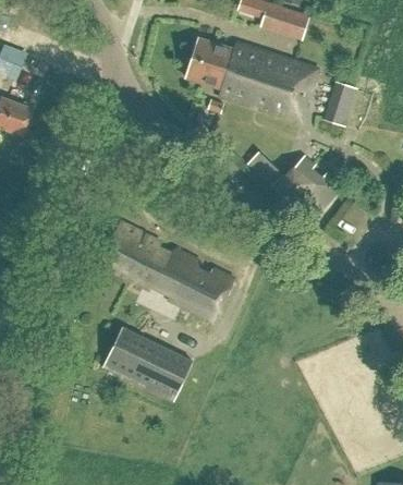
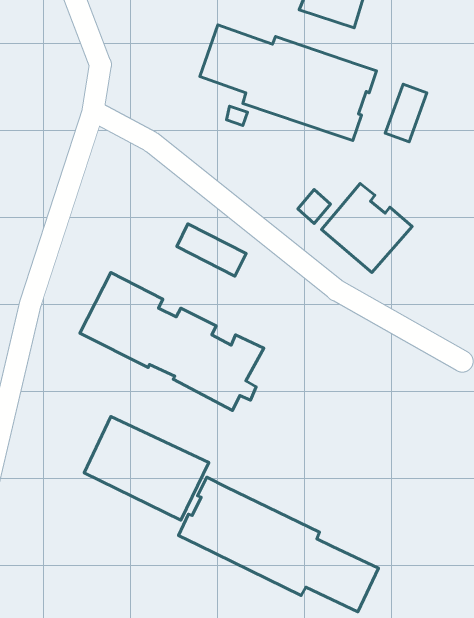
building: none -> [177,224,246,276]
building: none -> [179,477,379,612]

